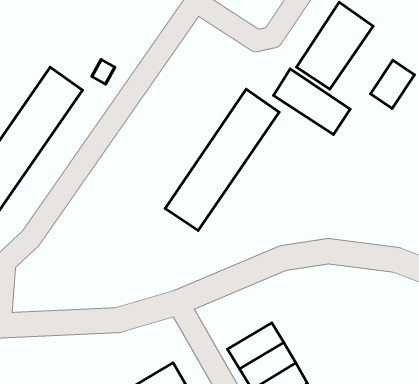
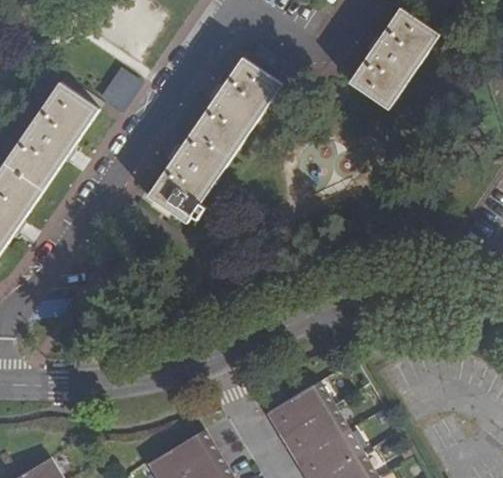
building: [370,60,414,108] -> none
building: [273,69,350,134] -> none
building: [165,89,279,231] -> [147,57,281,223]

